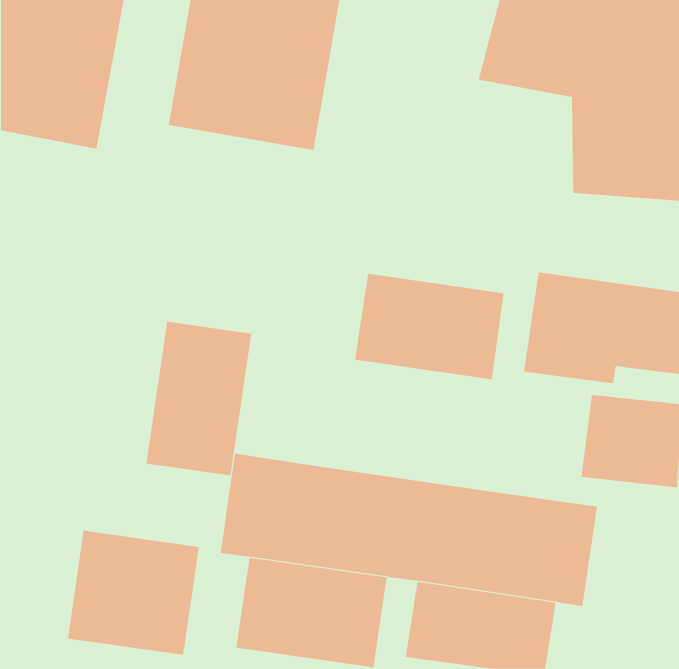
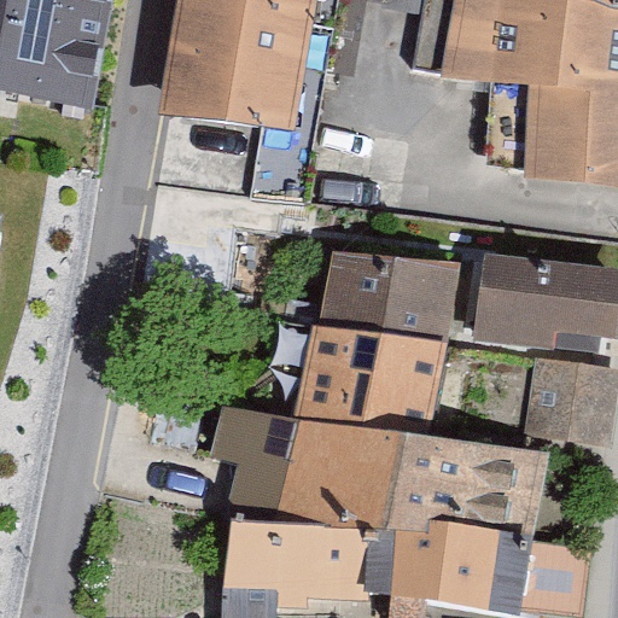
building: [146,321,252,476] -> none
building: none -> [301,325,448,443]
building: [67,530,199,656] -> none

